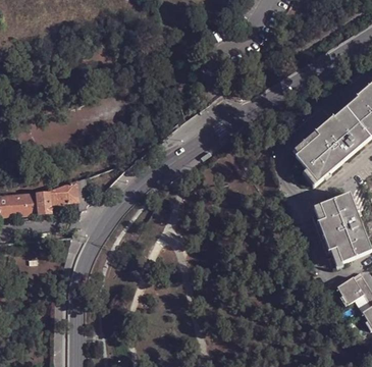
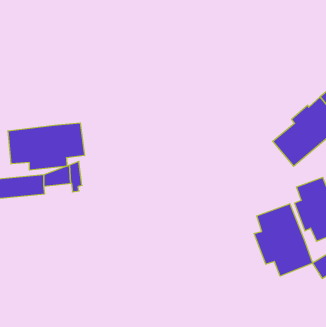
building: none -> [8,123,84,170]
building: none -> [254,204,313,276]

